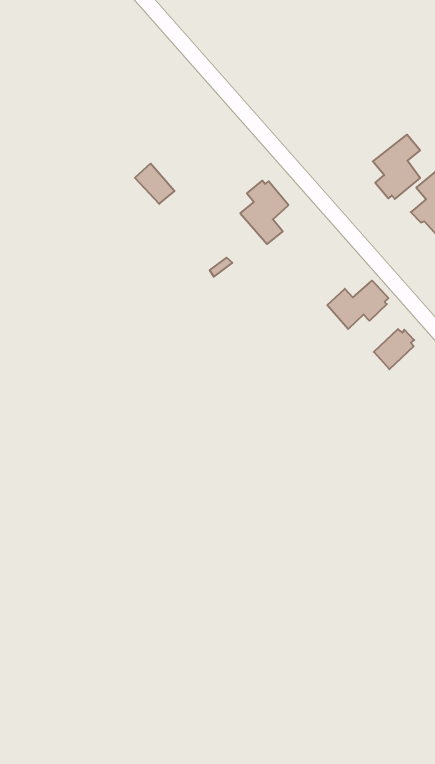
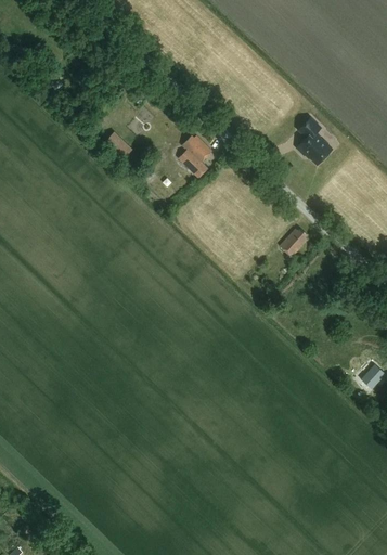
building: [373,135,420,199] -> none
building: [327,281,388,329] -> none

